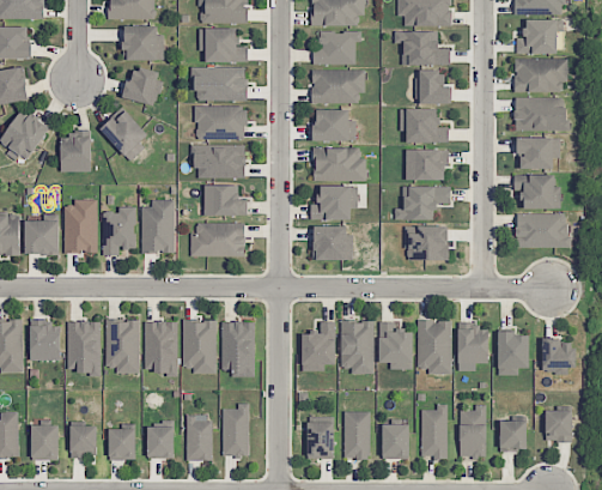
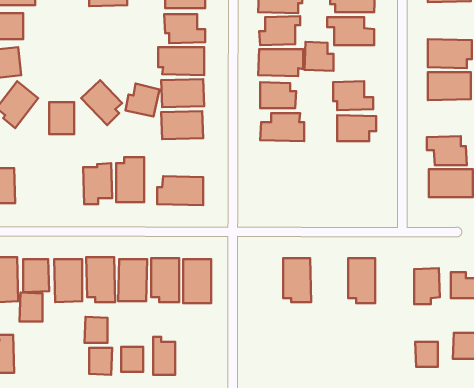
building: [516,19,564,54] -> none
building: [123,25,163,60] -> none
building: [122,66,163,105] -> [126,83,160,116]
building: [416,69,451,104] -> [304,42,333,71]
building: [518,138,560,169] -> none
building: [203,184,247,216] -> none
building: [310,184,358,219] -> none
building: [395,184,451,220] -> none
building: [65,199,98,253] -> none
building: [25,219,60,254] -> none
building: [314,225,352,260] -> none
building: [405,225,448,260] -> none
building: [302,321,336,370] -> none
building: [378,321,413,369] -> none
building: [457,321,488,371] -> none
building: [223,403,250,455] -> none
building: [420,404,448,459] -> none
building: [458,405,486,456] -> none
building: [343,411,370,459] -> none
building: [306,417,335,459] -> none
building: [382,423,409,458] -> none
building: [31,424,59,459] -> [20,293,43,322]
building: [69,425,97,456] -> [84,317,107,343]

